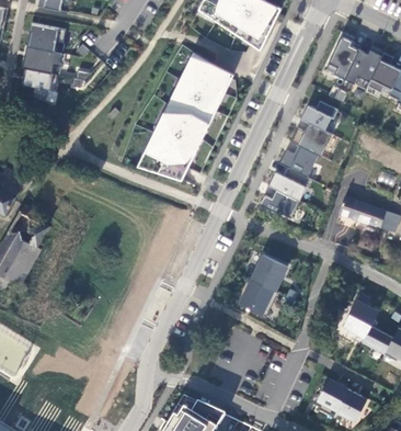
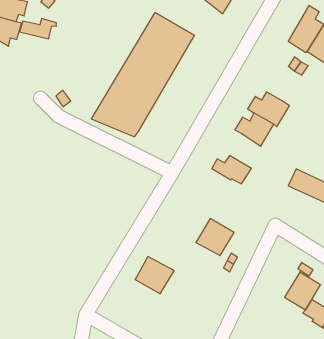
building: [302,100,339,129] -> none
building: [270,166,310,200] -> none
building: [240,279,278,315] -> [135,257,174,294]

